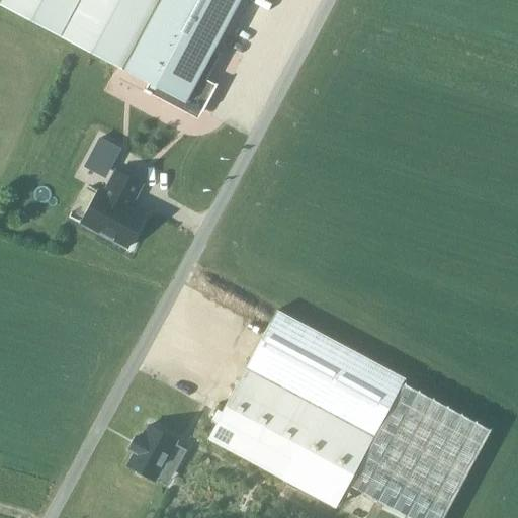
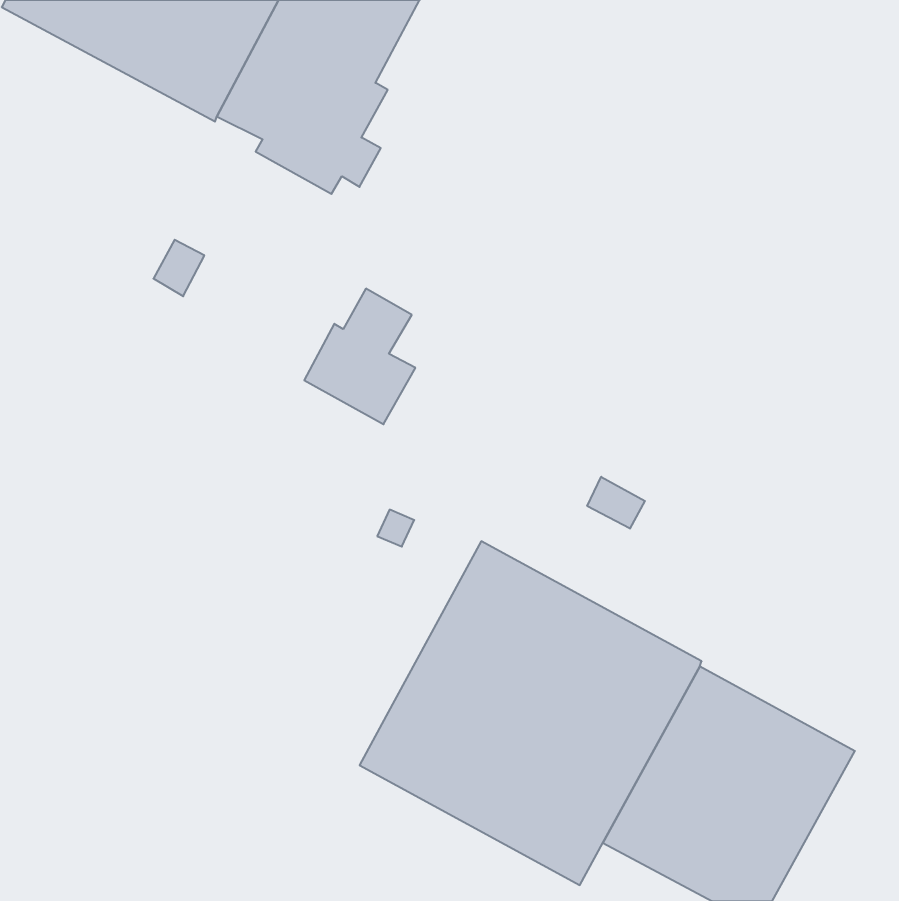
building: [82,170,146,248] -> [304,289,415,424]
building: none -> [587,477,645,529]
building: [130,422,180,477] -> none

